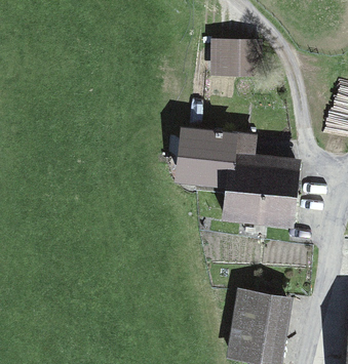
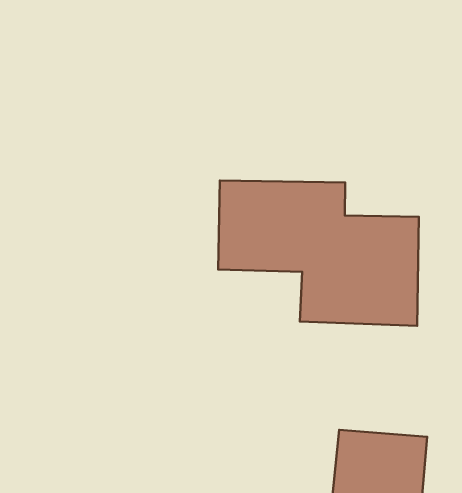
building: [209,37,262,76] -> none

